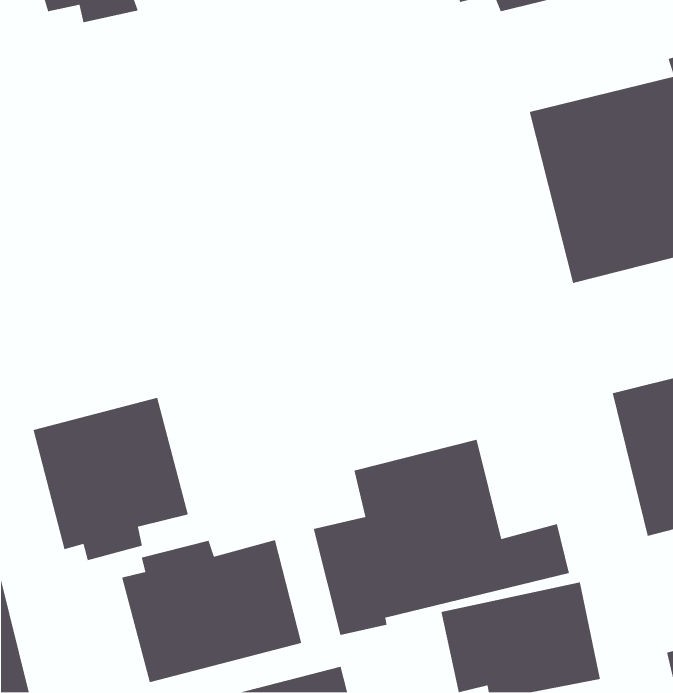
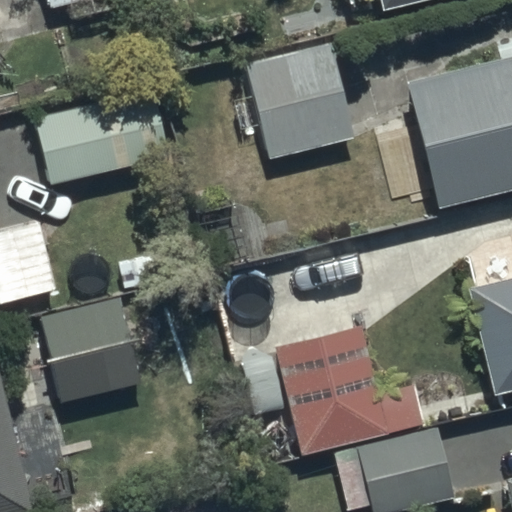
building: none -> [240,45,354,156]
building: none -> [35,86,179,185]
building: [121,539,302,683] -> none

